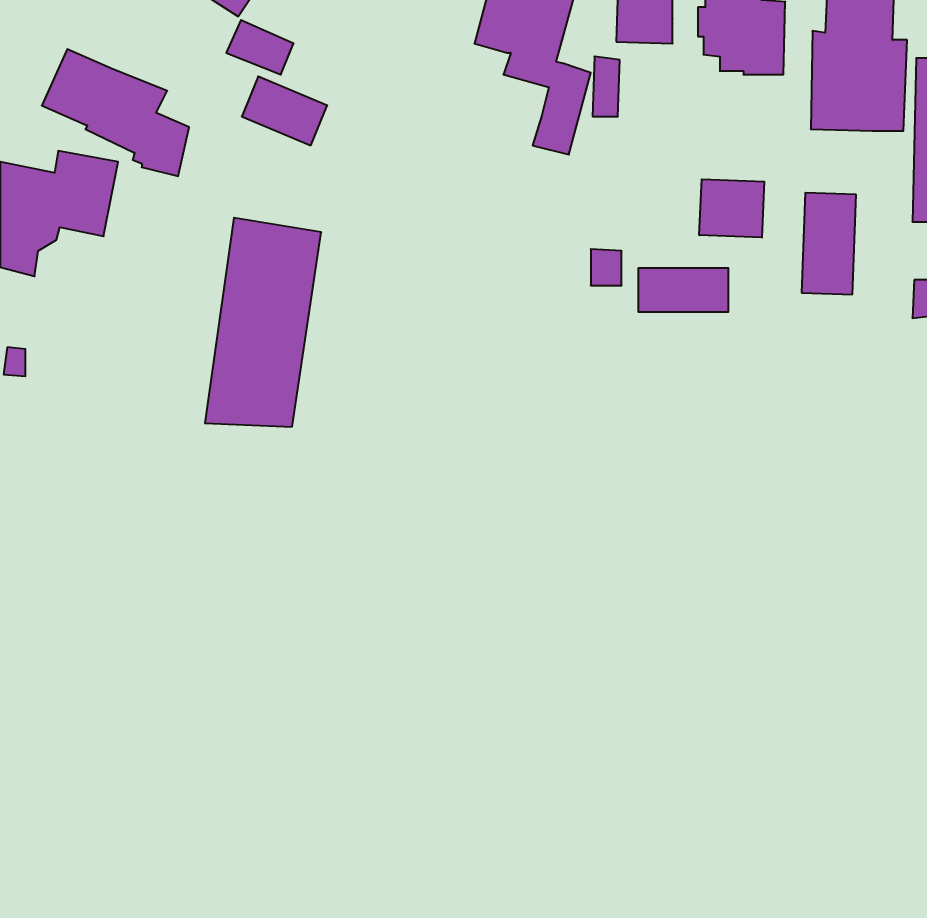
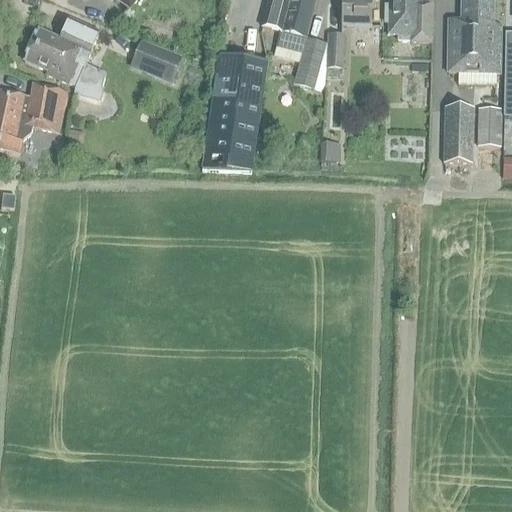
building: [226,20,294,75] -> [63,20,100,50]
building: [699,179,764,238] -> none
building: none -> [477,107,501,146]
building: [205,218,321,427] -> [203,53,267,168]
building: [638,268,728,312] -> none

